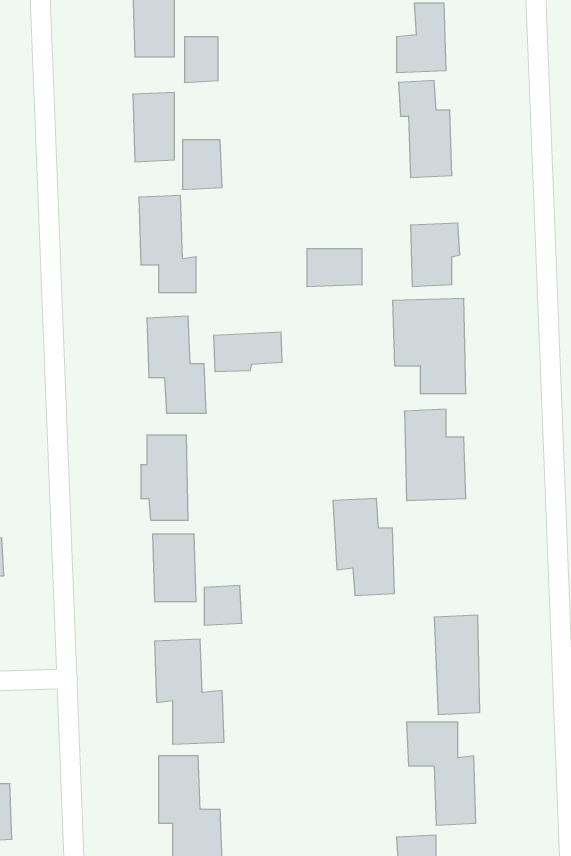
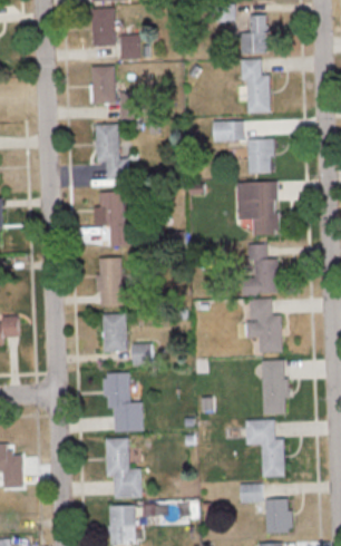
building: [307,249,362,287] -> [213,121,244,143]
building: [214,332,282,372] -> none
building: [333,498,394,595] -> [247,299,282,353]

